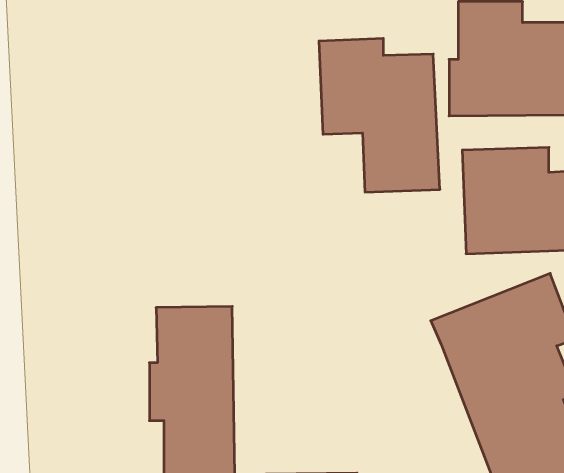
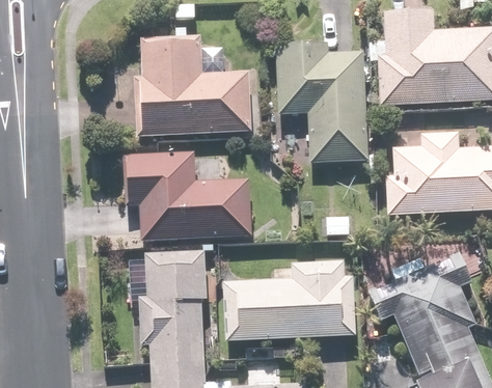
building: none -> [140,35,251,136]
building: none -> [125,154,249,240]
building: none -> [222,260,358,343]

